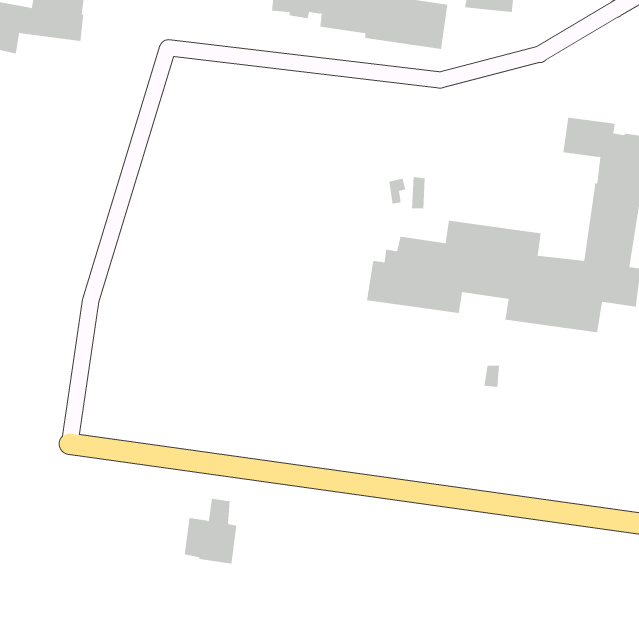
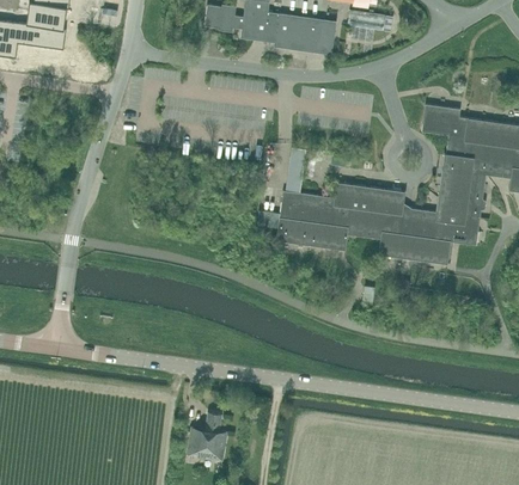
building: [184,498,237,564] -> [187,412,226,461]

